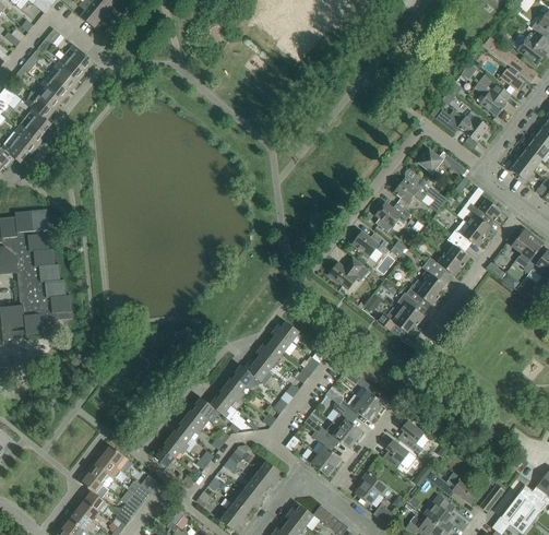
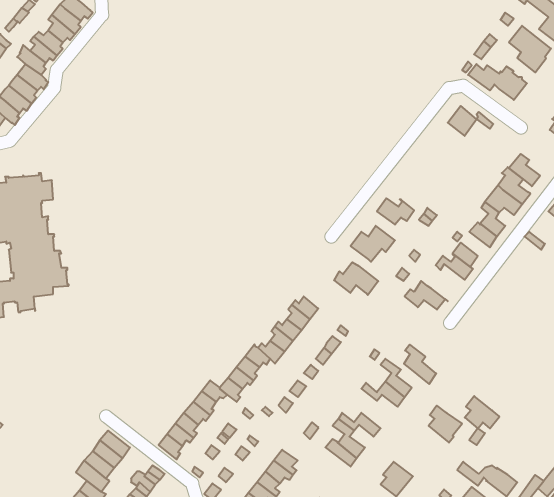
building: [394,175,447,212] -> none
building: [375,202,411,227] -> none
building: none -> [334,262,378,295]
building: [397,293,425,325] -> none
building: [333,405,362,441] -> [404,345,436,384]
building: [384,439,416,468] -> [465,396,499,428]

